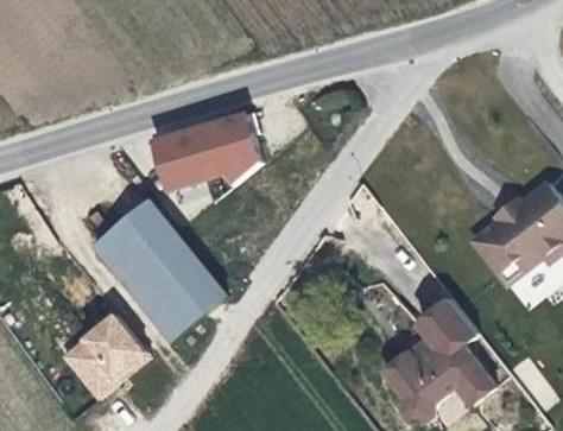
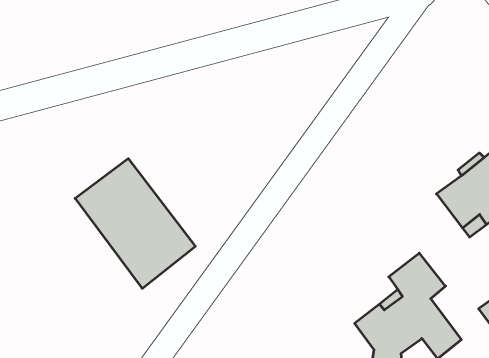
building: [150,107,266,190] -> none
building: [62,308,154,399] -> none

